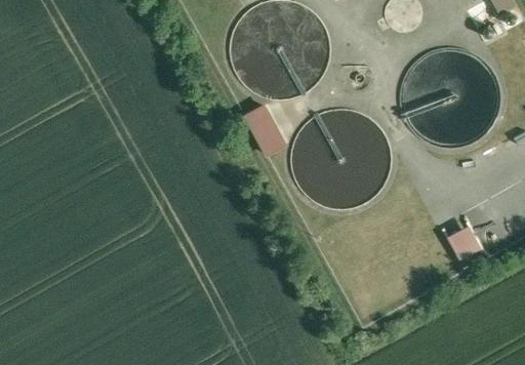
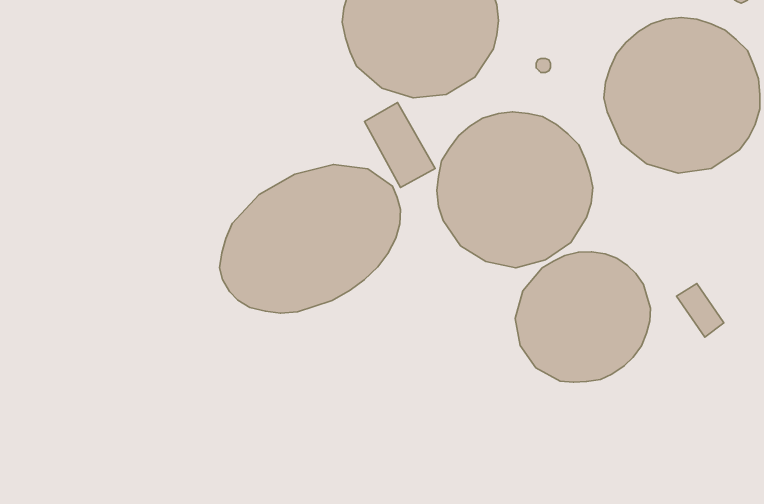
building: none -> [219,164,400,313]
building: none -> [515,252,651,382]

